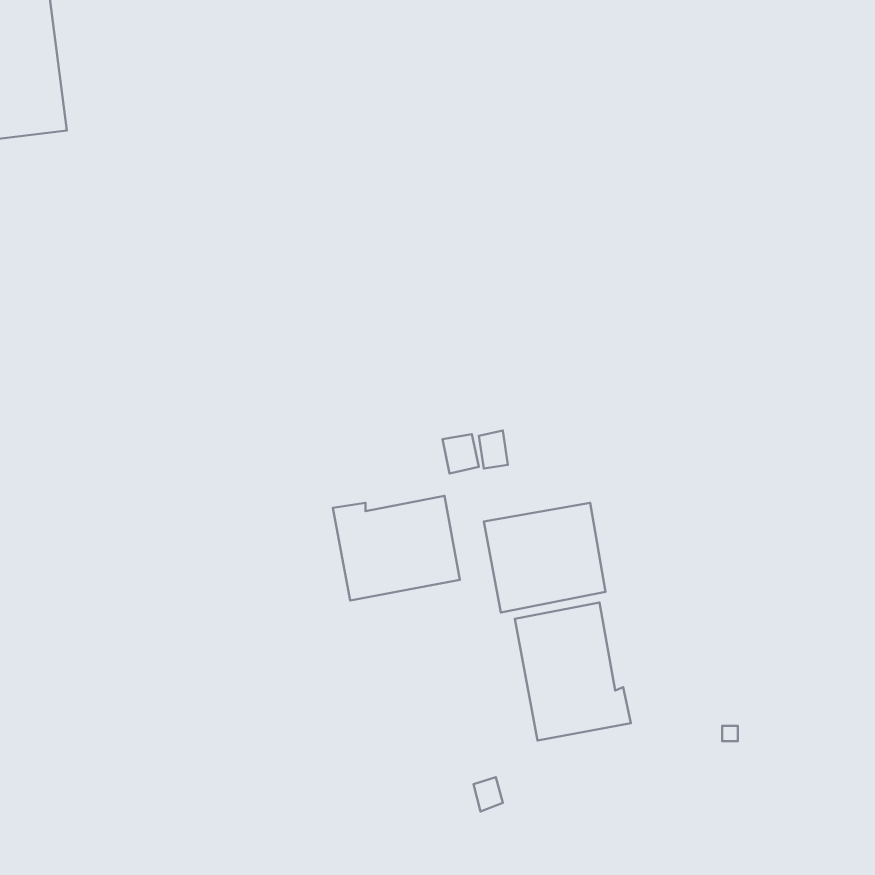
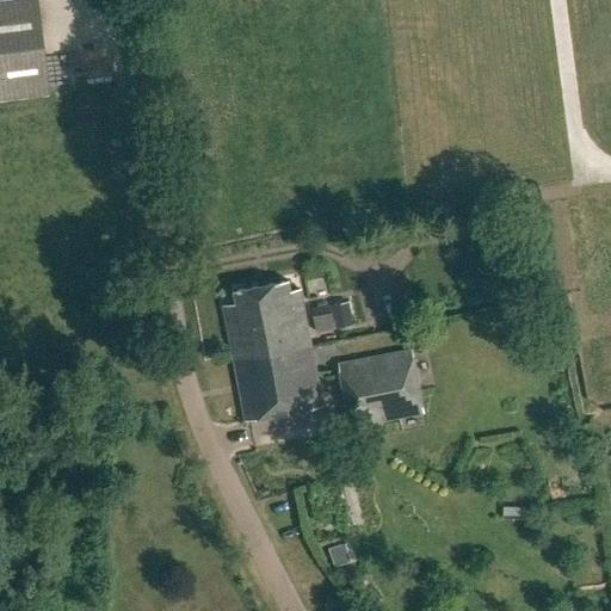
building: none -> [222,279,309,356]
building: [515,603,631,741] -> none

